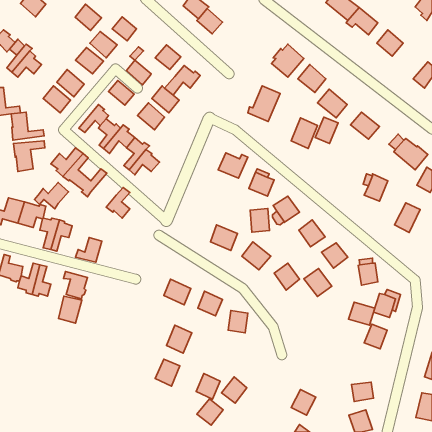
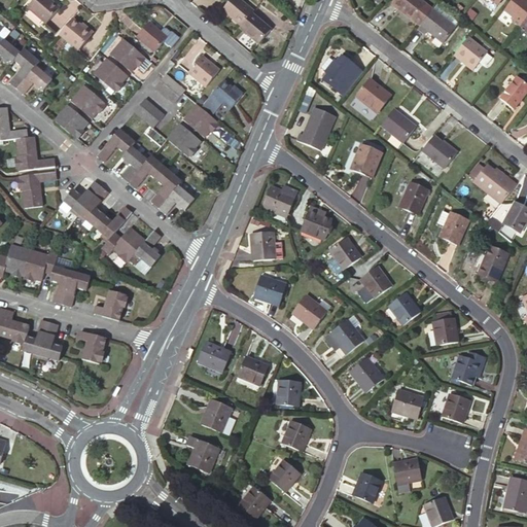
building: [75,4,102,31] -> [58,15,90,47]
building: [315,117,338,143] -> [402,182,430,214]
building: [35,182,68,209] -> [100,225,141,257]
building: [250,208,270,232] -> [253,232,277,260]
building: [304,268,332,296] -> [349,356,383,390]
building: [58,296,82,323] -> none
building: [348,302,375,325] -> [391,389,423,417]
building: [196,374,220,399] -> [282,417,311,448]
building: [352,382,374,402] -> [394,463,421,487]

